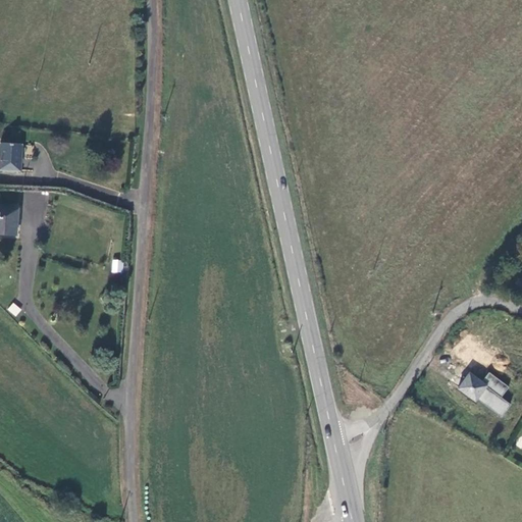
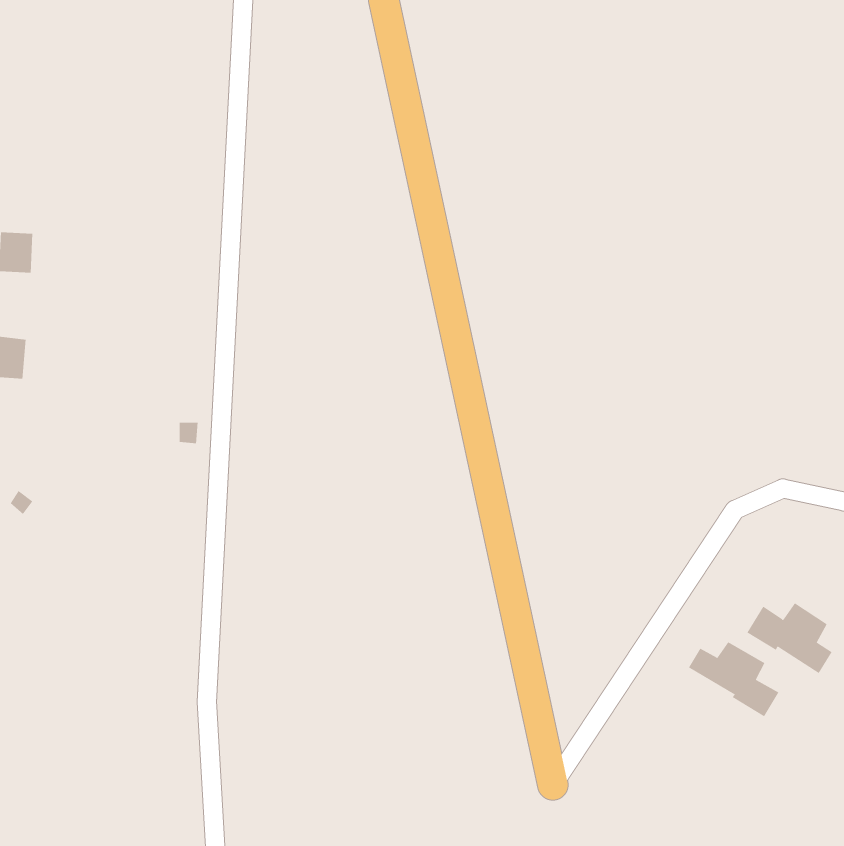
building: none -> [688,641,779,717]

